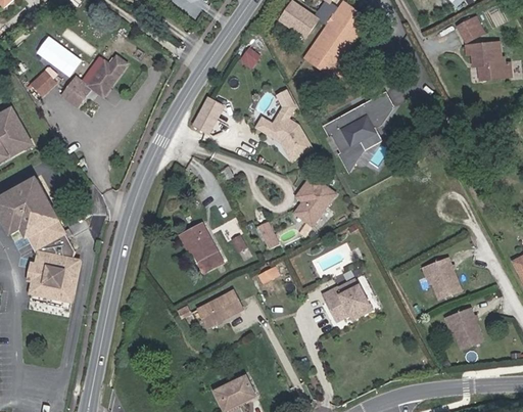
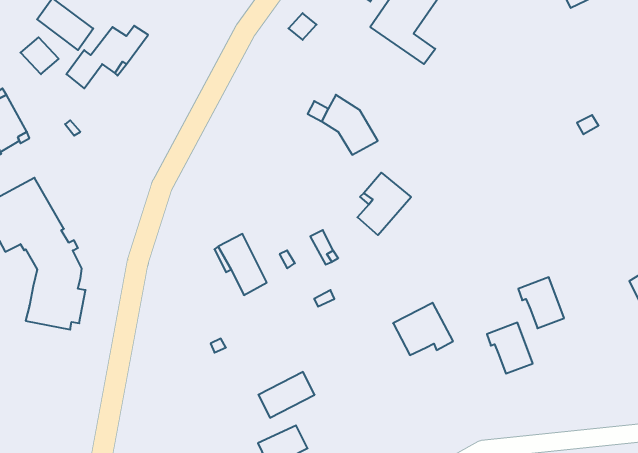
building: [466,42,510,80] -> none
building: [324,93,392,172] -> none
building: [193,94,227,133] -> none
building: [197,290,242,327] -> [258,372,315,418]
building: [445,308,482,349] -> [487,323,533,374]

